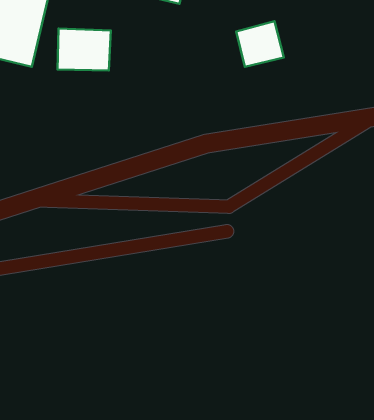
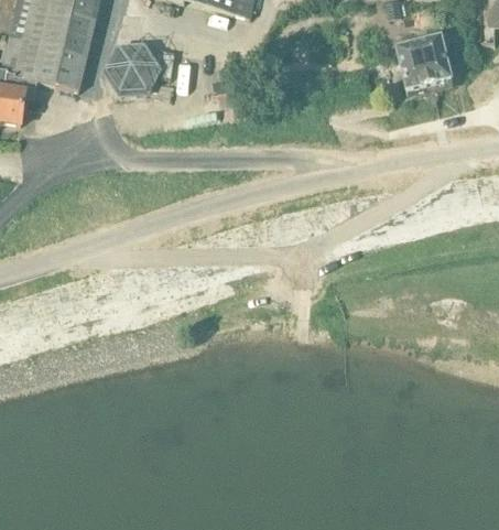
building: [236,21,284,67] -> [397,36,452,89]

